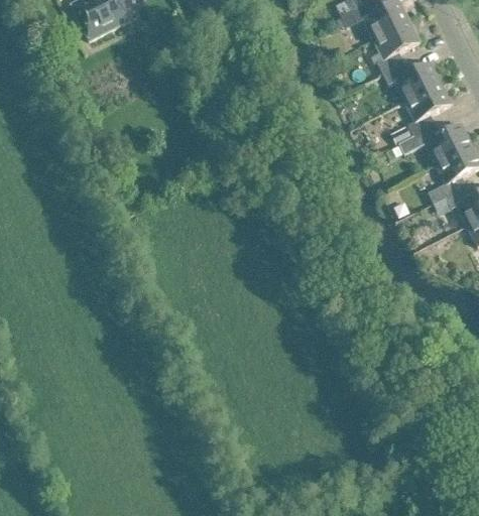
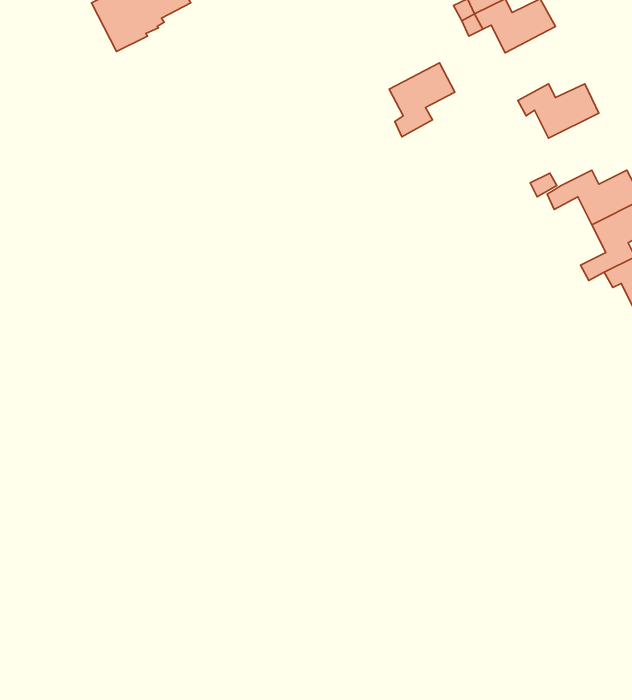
building: [373,19,421,73] -> [389,63,455,137]
building: [404,82,452,134] -> none

